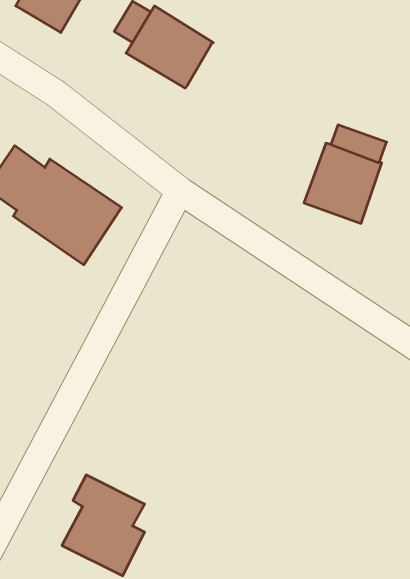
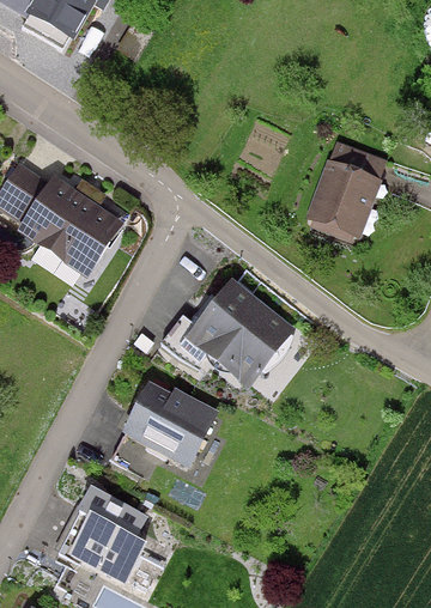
building: [126,6,213,88] -> none
building: none -> [164,280,296,391]
building: none -> [119,379,220,469]

